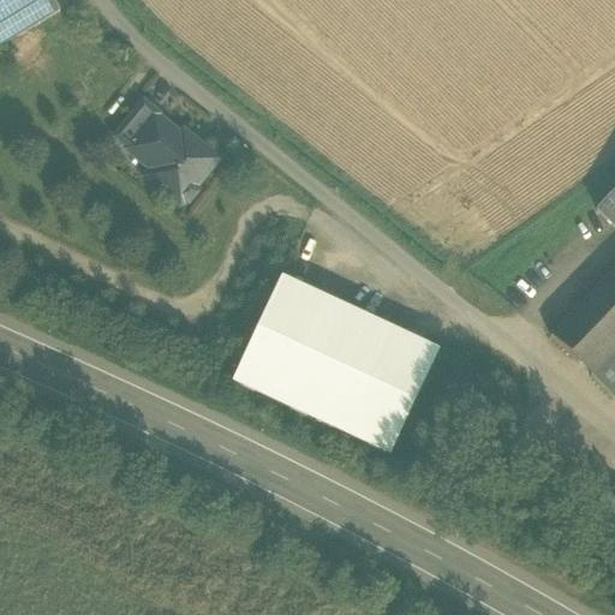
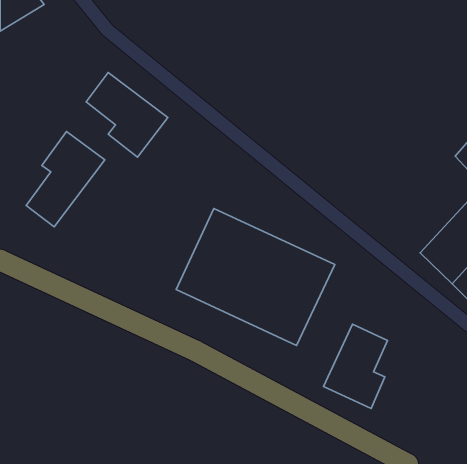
building: none -> [26,132,105,227]
building: none -> [323,324,388,408]

